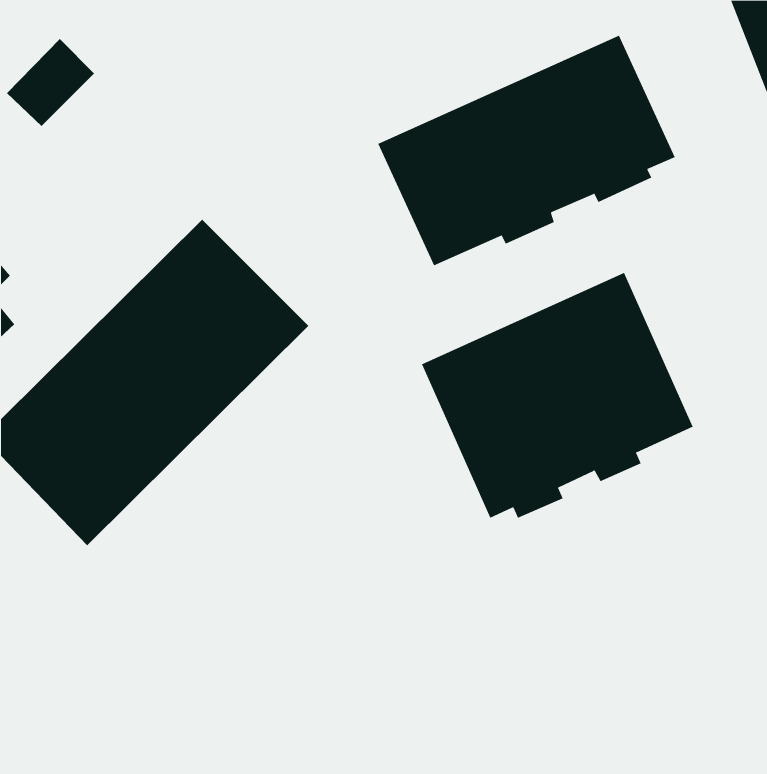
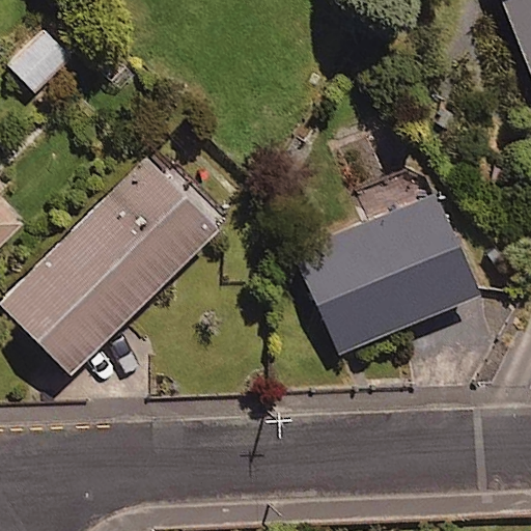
building: [378,35,675,266] -> none

